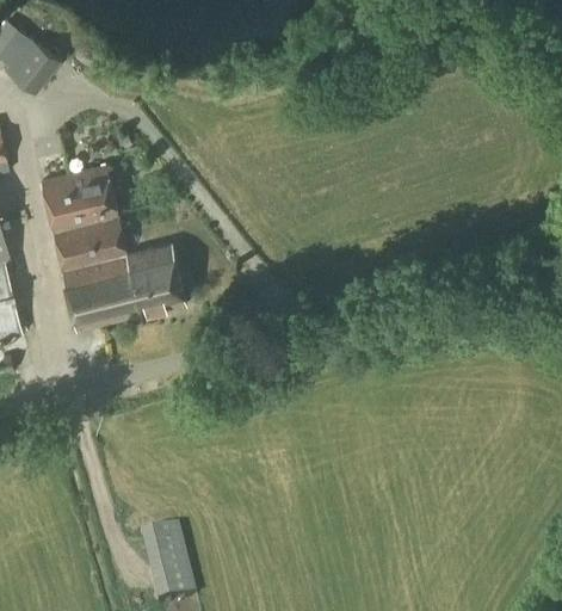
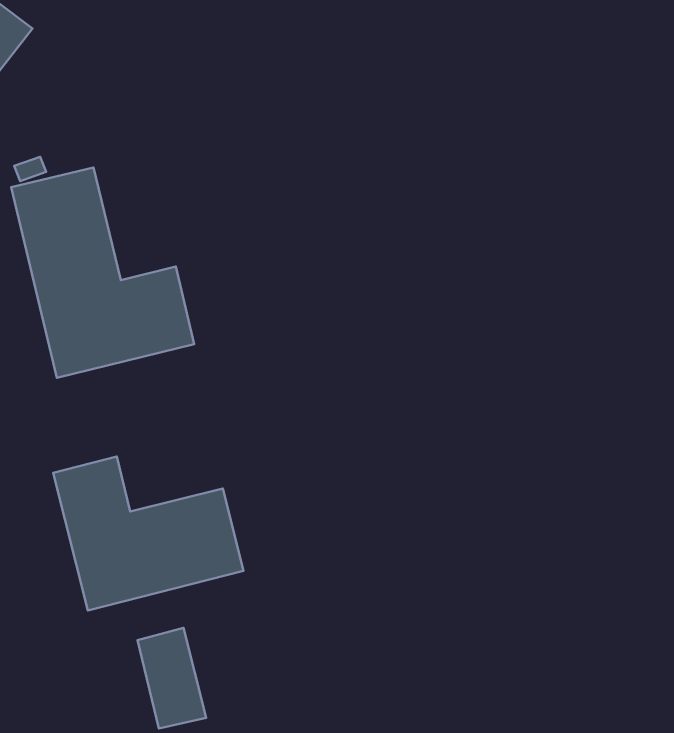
building: none -> [53,456,244,610]

